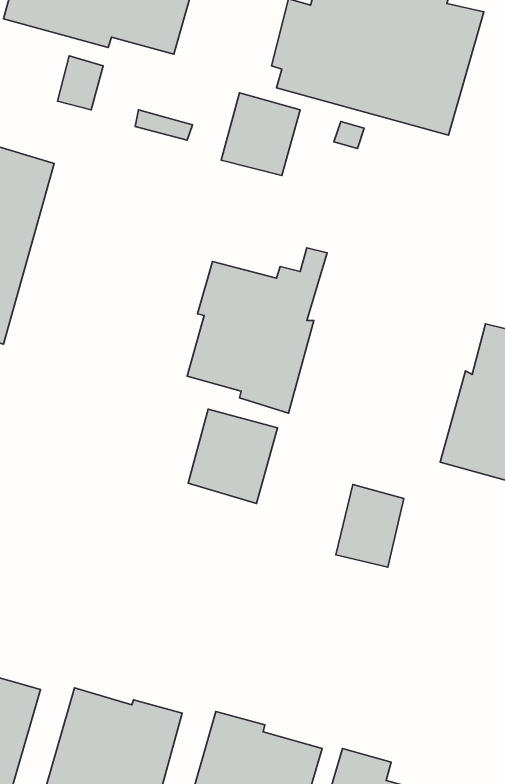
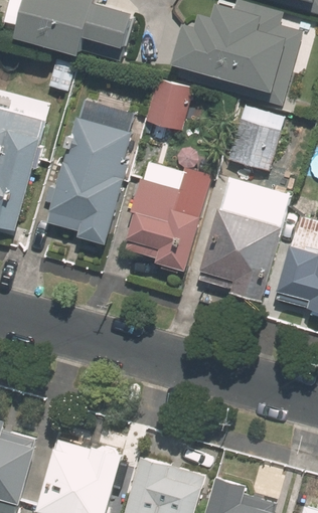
building: none -> [47,101,132,243]
building: none -> [195,105,293,300]
building: [188,409,277,504] -> none
building: [336,485,404,567] -> none

